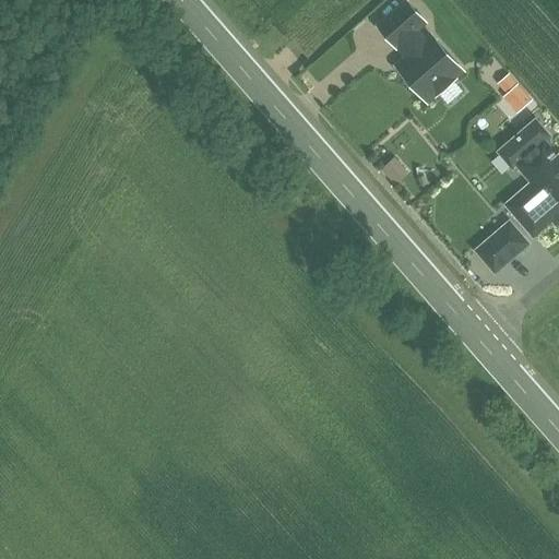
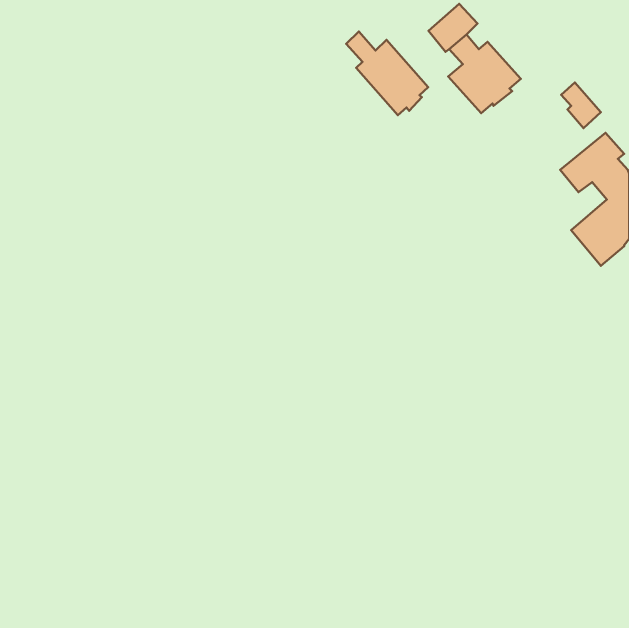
building: none -> [346,31,428,115]
building: [474,221,531,275] -> none

